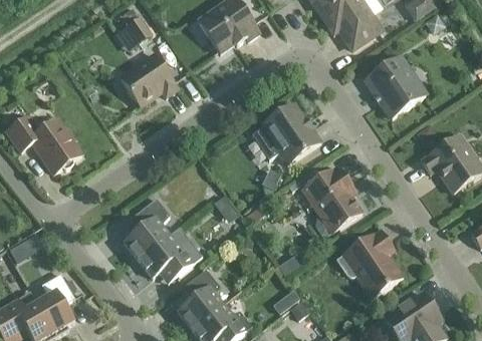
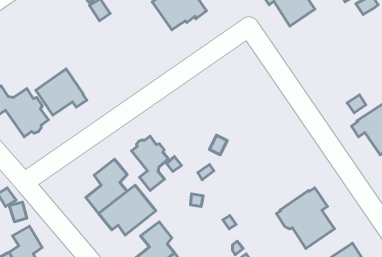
building: [119,53,177,105] -> [36,69,87,115]
building: [365,56,424,116] -> none
building: [251,102,319,163] -> none
building: [302,166,362,234] -> none
building: none -> [132,136,169,190]

